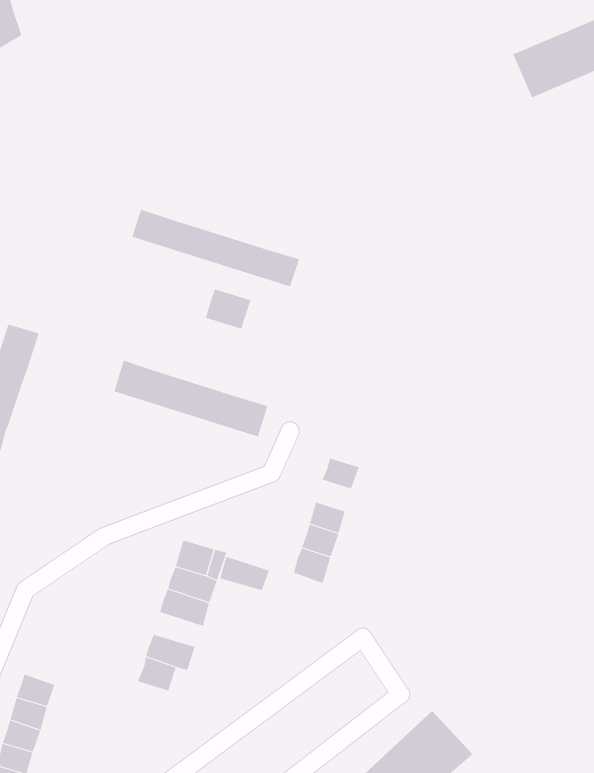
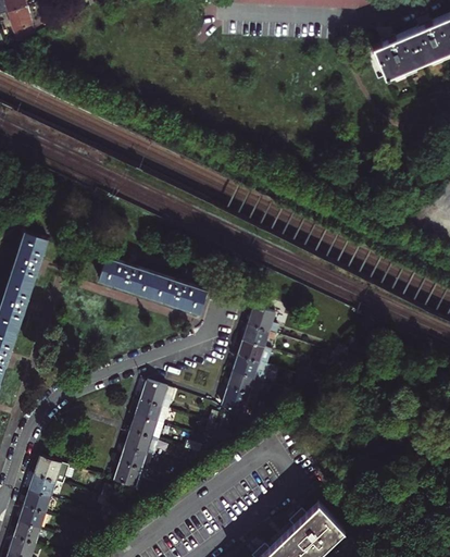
building: [131,209,300,287] -> none
building: [205,288,251,330] -> none
building: none -> [246,308,272,334]
building: none -> [236,343,270,368]
building: [219,556,270,591] -> [124,434,159,458]
building: none -> [35,459,71,486]

